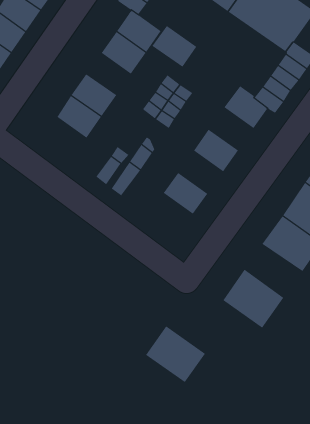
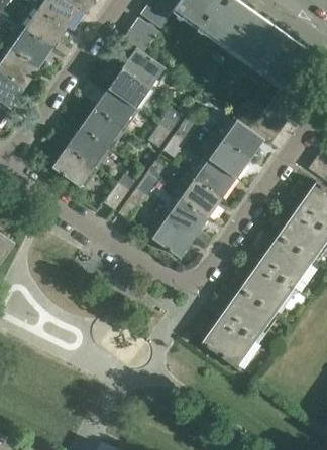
building: [151,25,197,67] -> [94,88,136,127]
building: none -> [208,138,250,178]
building: none -> [51,147,95,187]
building: none -> [174,174,222,218]
building: none -> [151,217,194,258]
building: none -> [241,265,296,315]
building: [145,325,206,383] -> [202,317,258,370]

